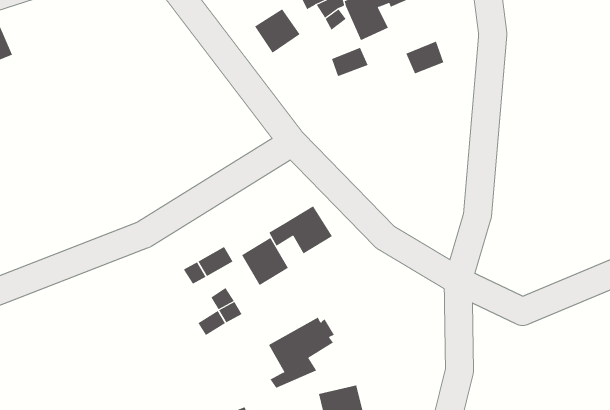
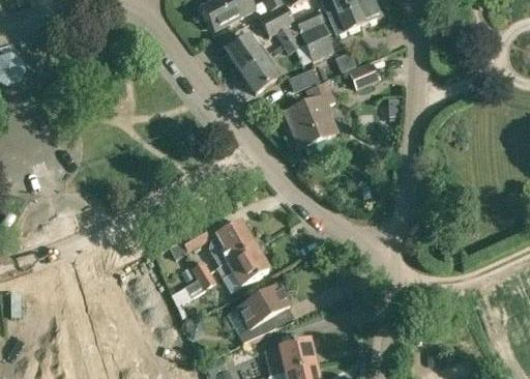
building: none -> [240,56,277,93]
building: none -> [284,81,336,147]
building: [269,205,333,254] -> [217,244,269,284]

